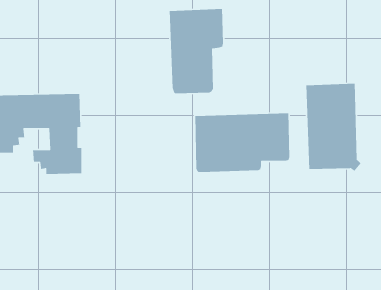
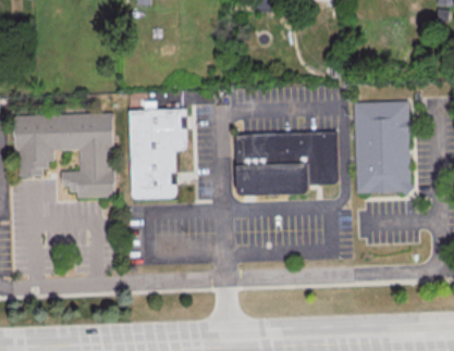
building: [169,8,224,94] -> [127,108,186,199]

